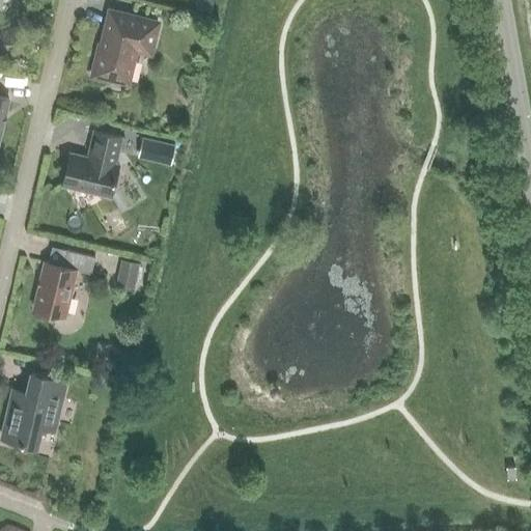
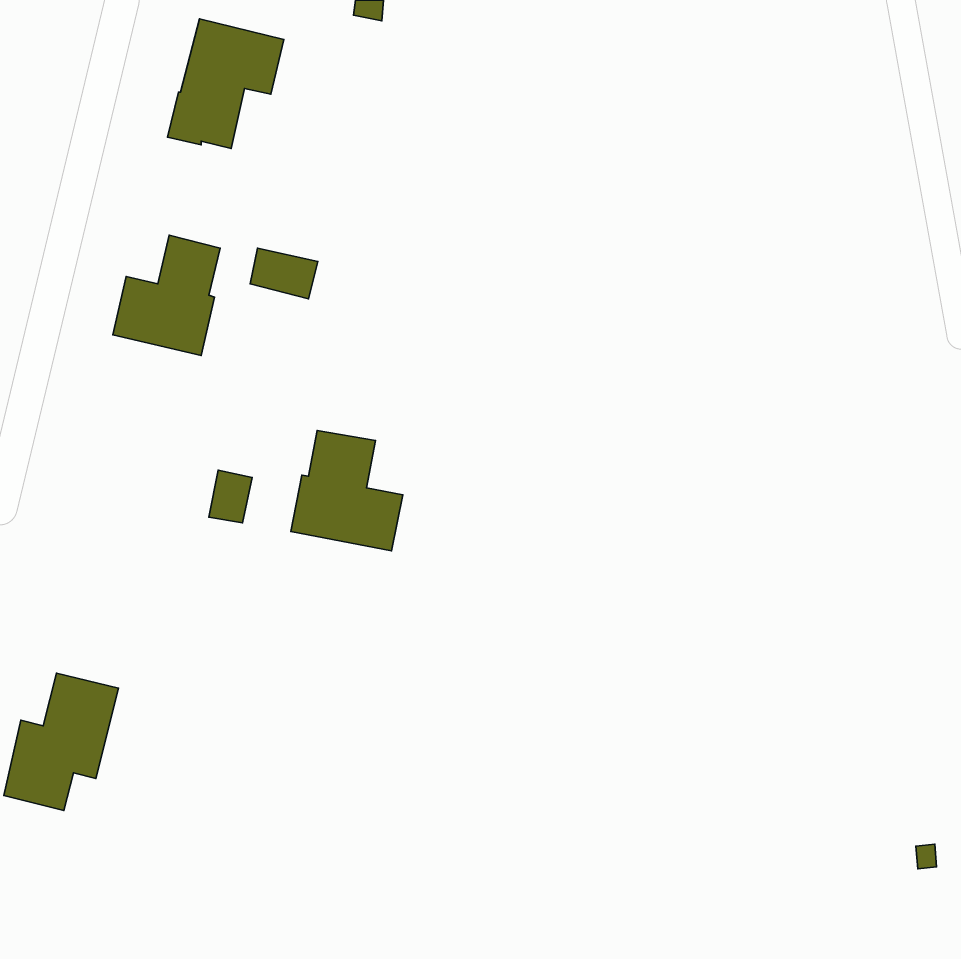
building: none -> [291,430,403,551]
building: [33,251,94,317] -> none

